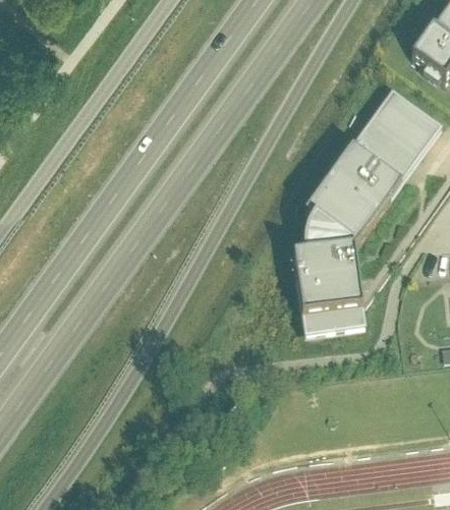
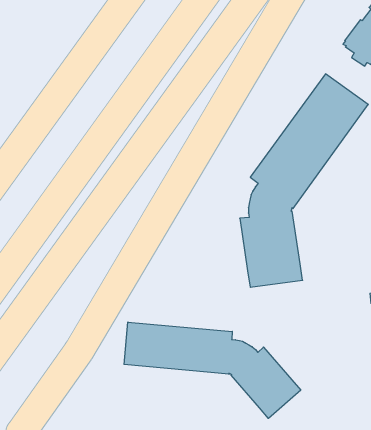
building: none -> [124,322,301,418]

